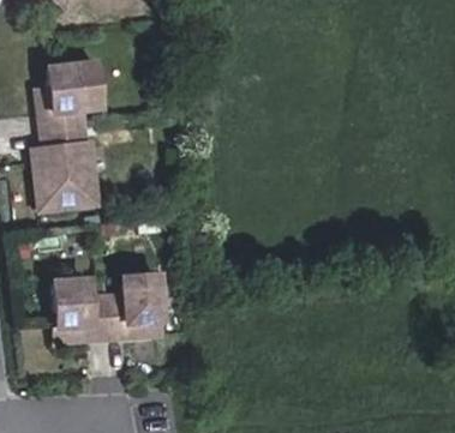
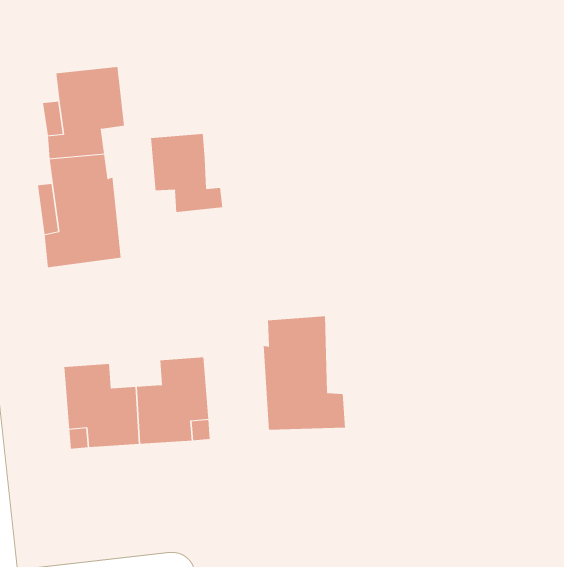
building: none -> [151,133,223,213]
building: none -> [263,315,346,431]

